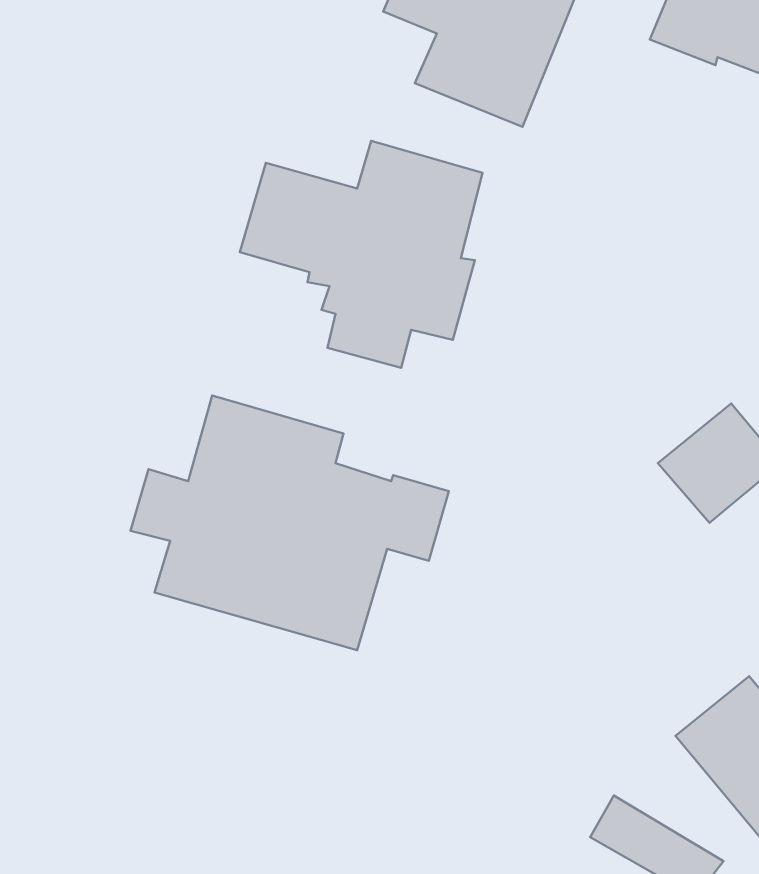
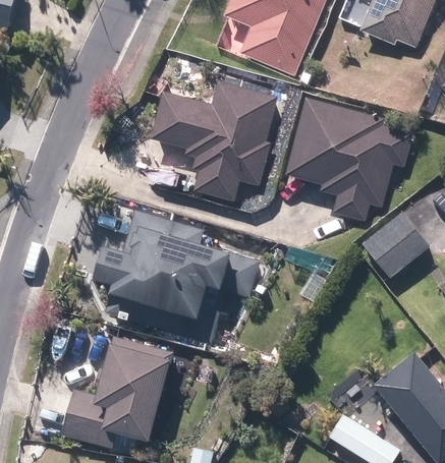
building: none -> [285,98,410,218]
building: none -> [63,336,173,448]

